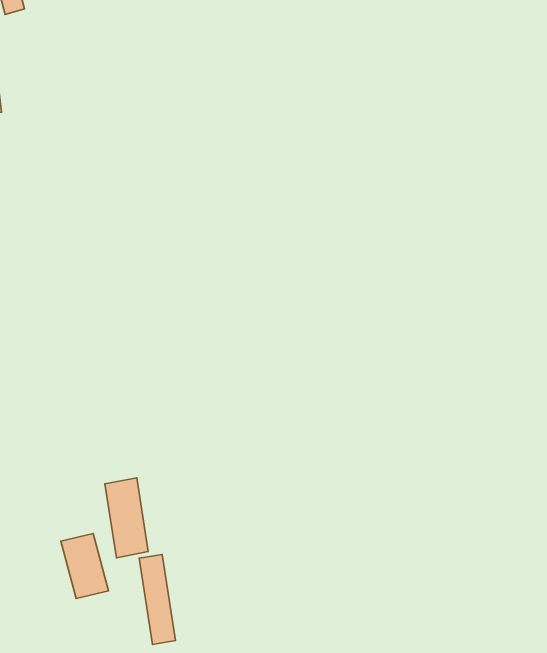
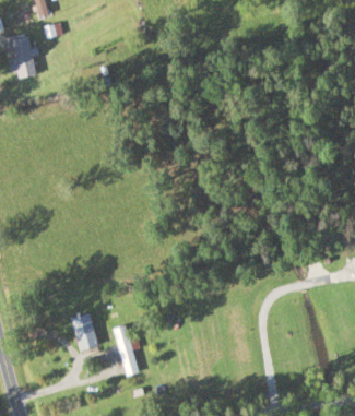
building: [105,478,148,558] -> none

